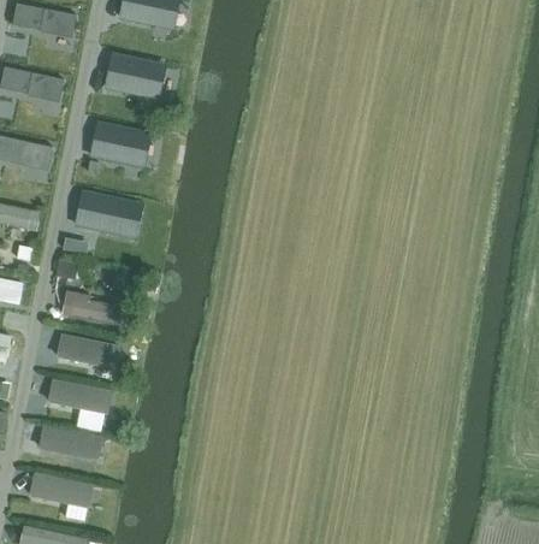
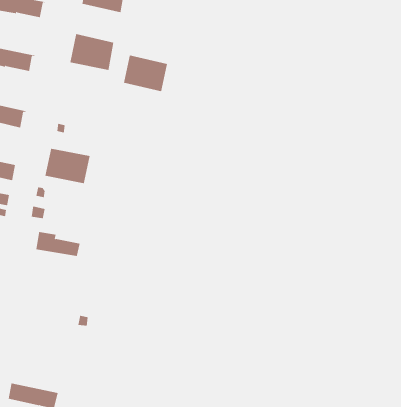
building: [91,122,146,166] -> [123,55,168,92]
building: [59,336,119,367] -> none
building: [49,382,111,413] -> none
building: [41,427,102,459] -> none

